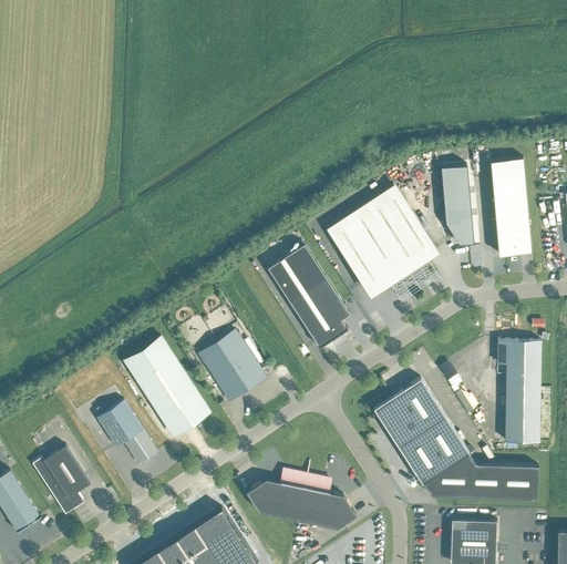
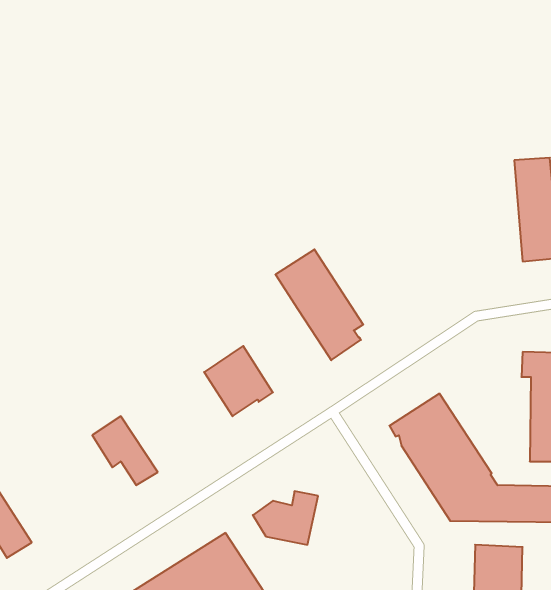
building: [441,165,474,245] -> none
building: [328,185,436,294] -> none
building: [124,338,210,435] -> none
building: [32,447,91,514] -> none
building: [298,474,357,529] -> none

